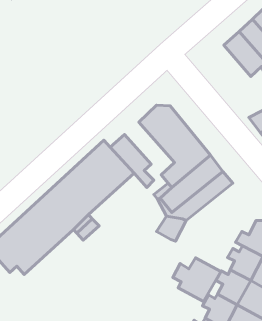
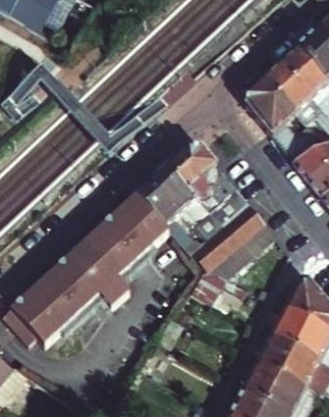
building: none -> [246,81,303,156]
building: none -> [152,168,209,228]
building: [173,258,221,302] -> none

